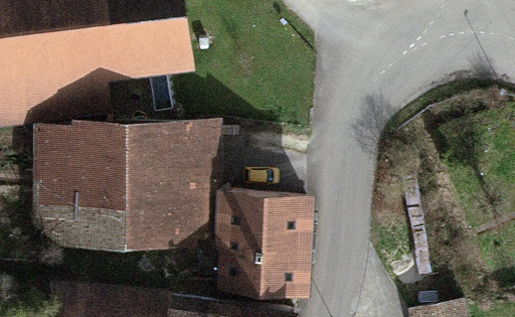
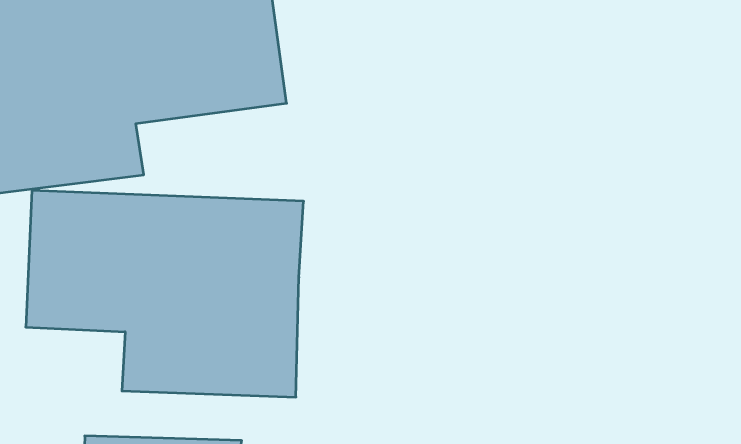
building: [202,184,301,285] -> none

